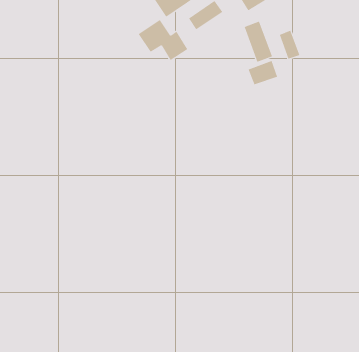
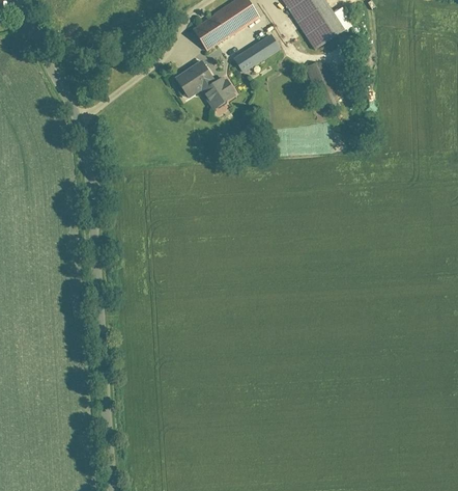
building: [279,30,300,60] -> none
building: [248,60,278,85] -> none

